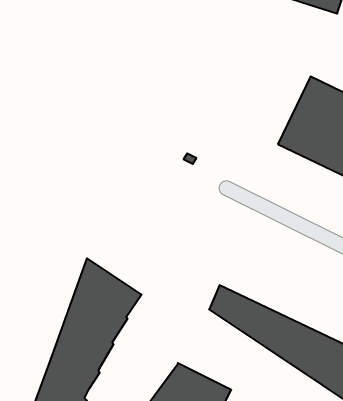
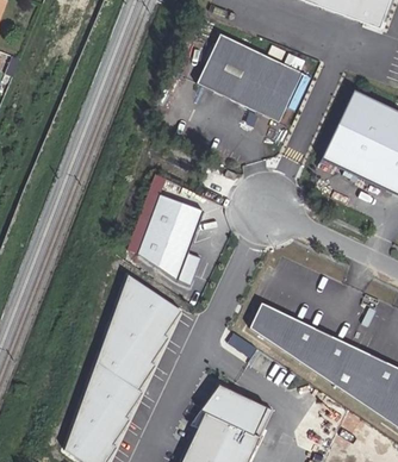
building: none -> [195,33,301,125]
building: none -> [136,193,204,285]

